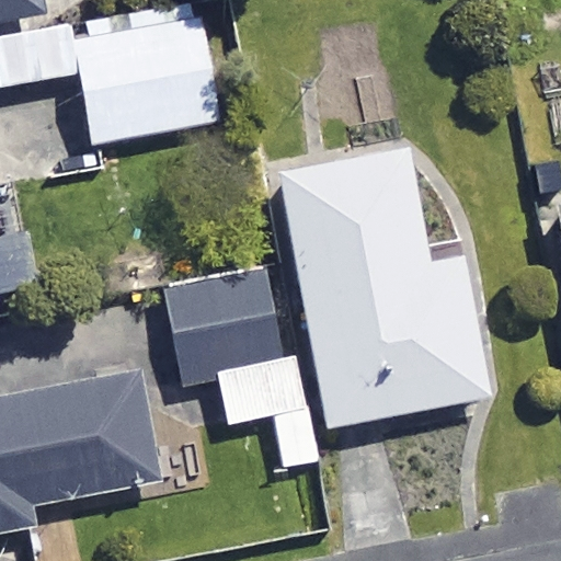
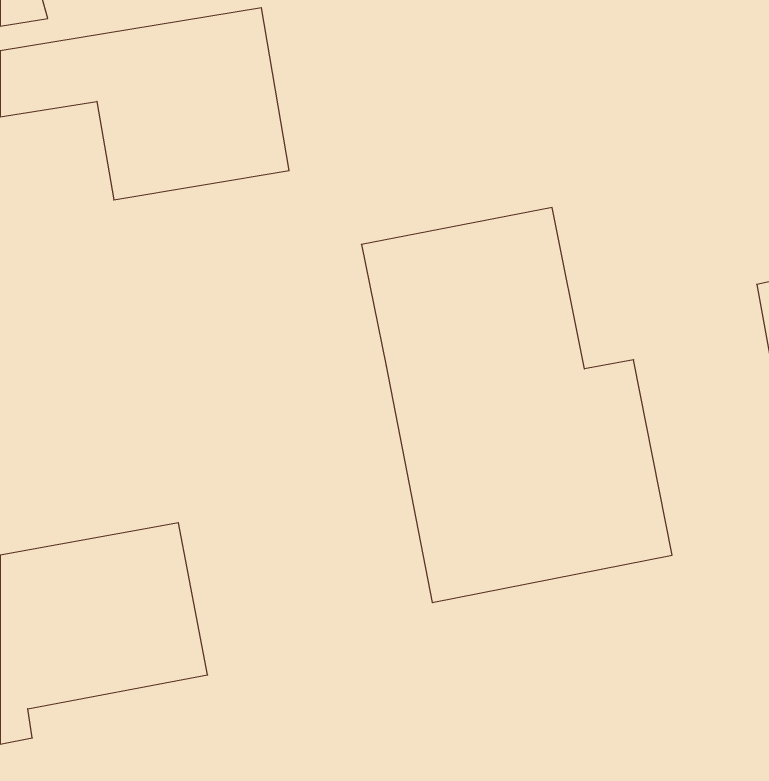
building: [167,261,325,463] -> none

